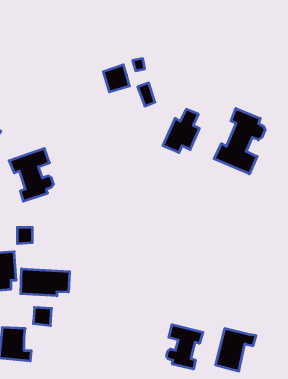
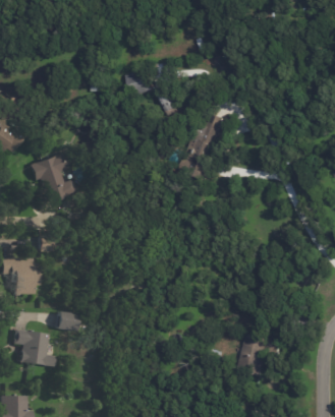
building: [214,108,265,174] -> none
building: [21,269,70,296] -> none
building: [167,325,203,369] -> none

